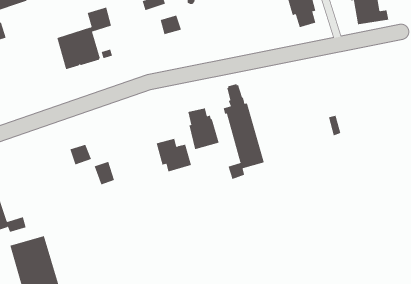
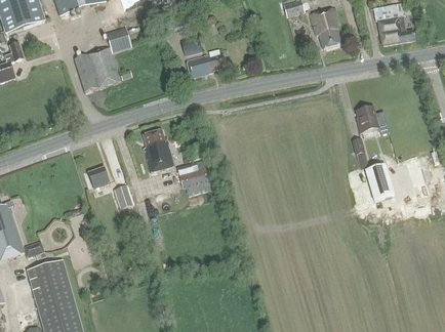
building: none -> [185,52,225,77]
building: [223,83,264,180] -> none
building: none -> [355,106,387,134]
building: [187,108,219,150] -> [141,129,174,172]
building: none -> [364,163,393,198]

